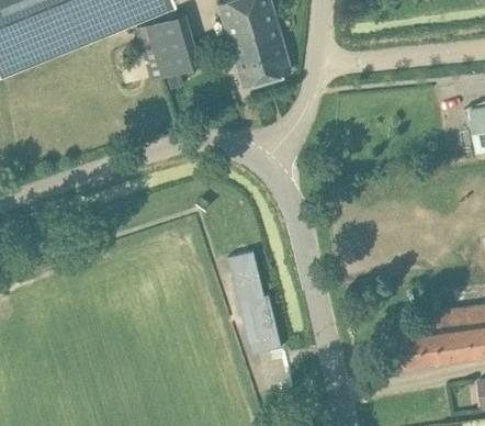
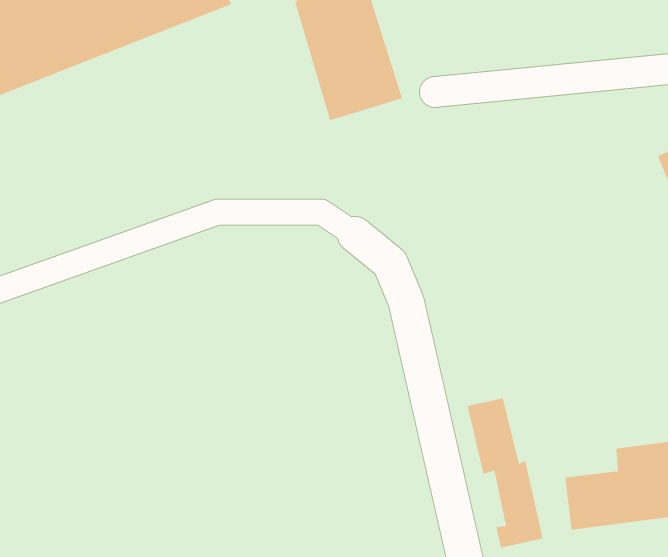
building: [134,13,200,81] -> none
building: [228,251,281,355] -> [467,398,543,548]

